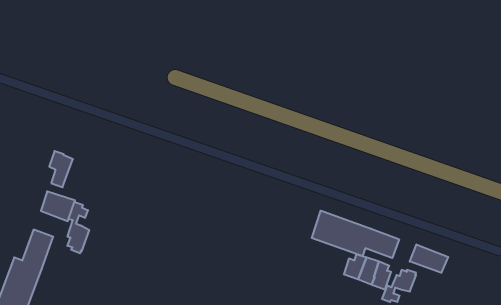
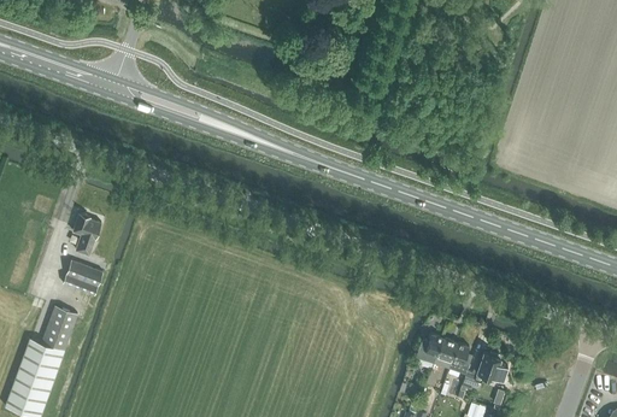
building: [67,202,89,253] -> none
building: [312,211,399,258] -> none
building: [410,244,448,273] -> none

